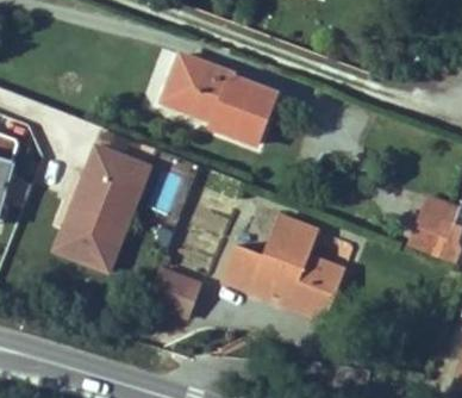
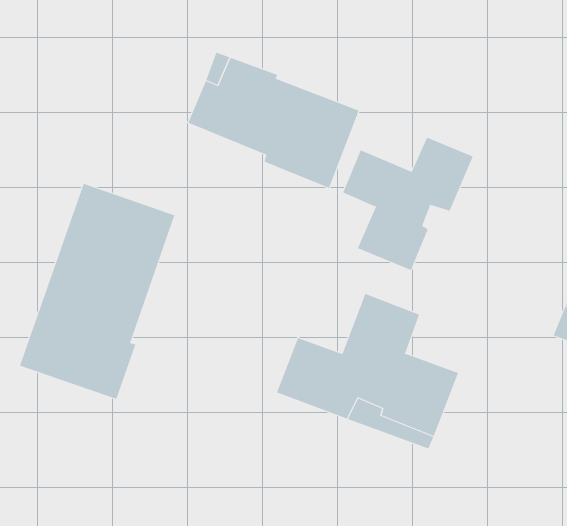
building: none -> [343,137,474,271]
building: [143,269,201,319] -> none

